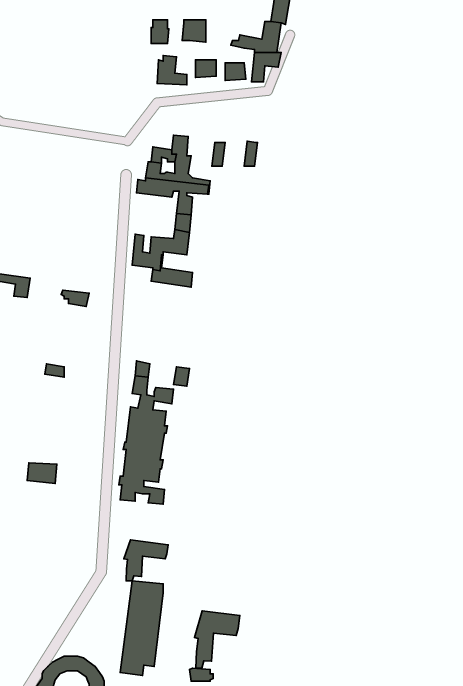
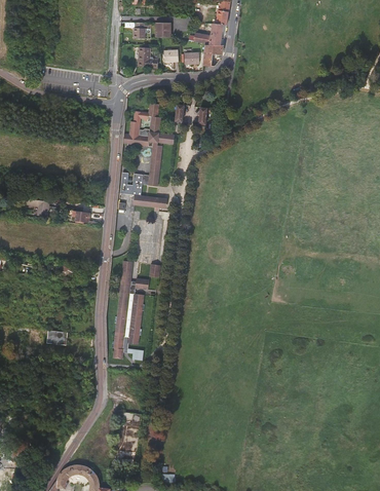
building: [124,540,168,581] -> none
building: [195,611,240,668] -> none

